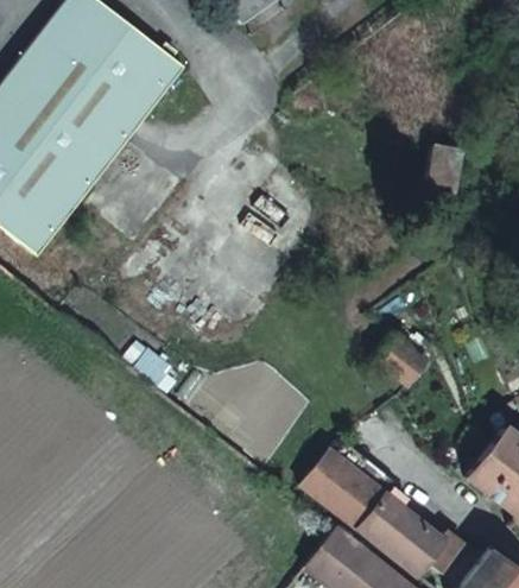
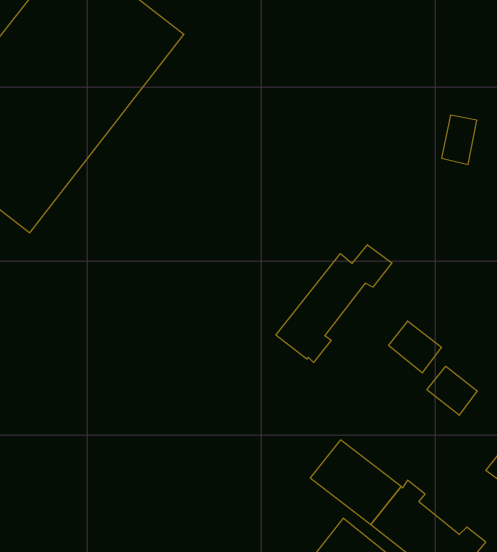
building: none -> [276,245,392,362]
building: none -> [427,366,477,415]

